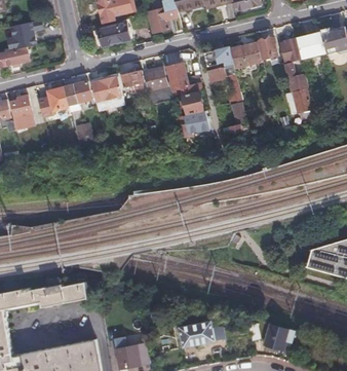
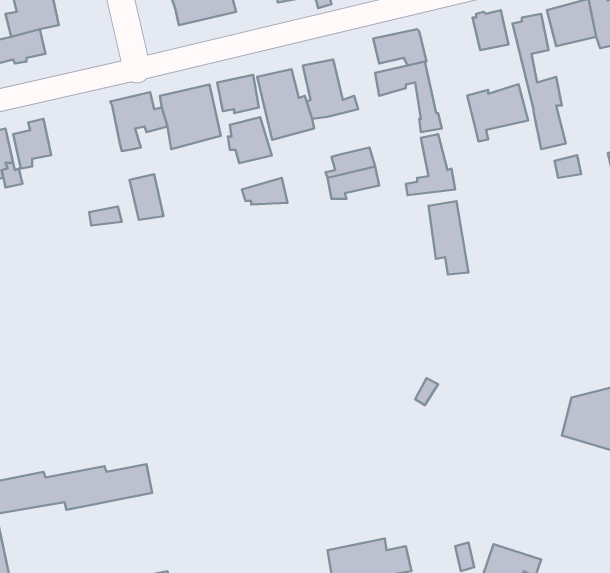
building: [230,42,263,73] -> [467,84,528,141]
building: [38,88,69,118] -> none
building: [180,90,203,115] -> [228,117,272,163]
building: none -> [428,201,468,275]

